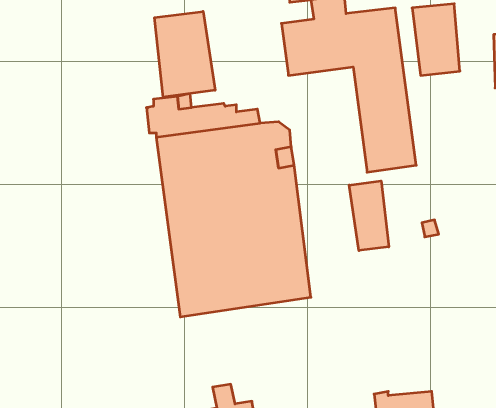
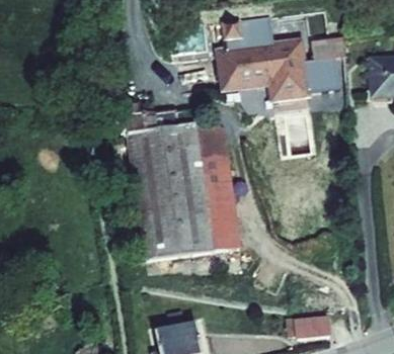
building: [155,11,215,97] -> none
building: [349,181,389,251] -> none

